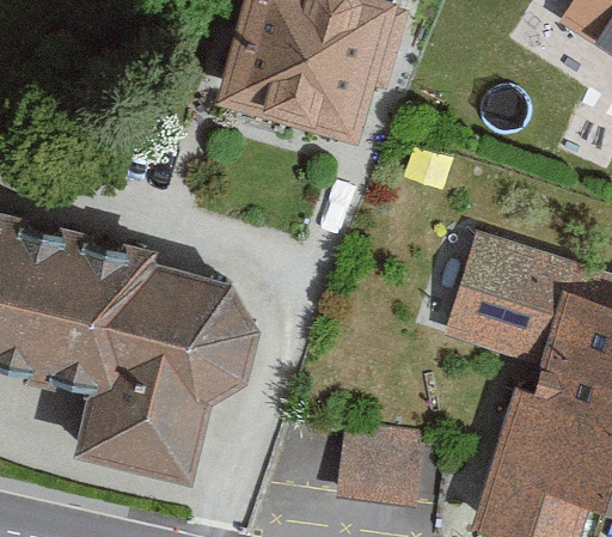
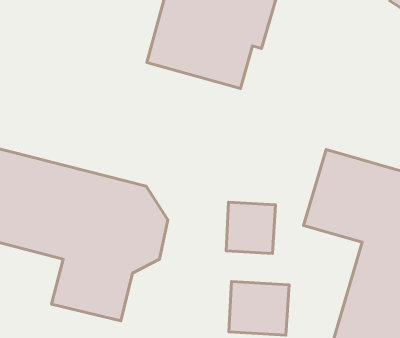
building: none -> [226,202,276,254]

